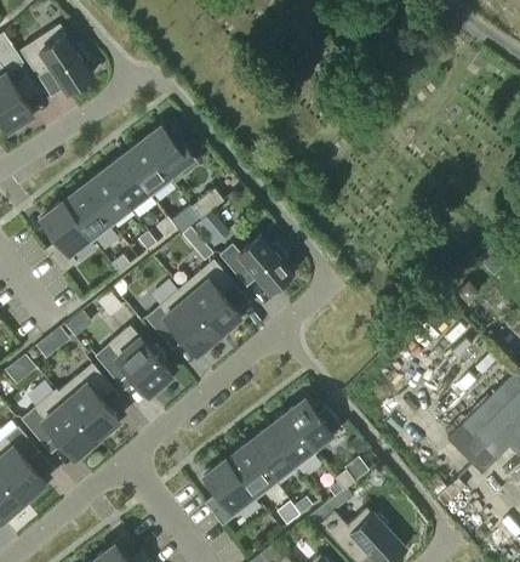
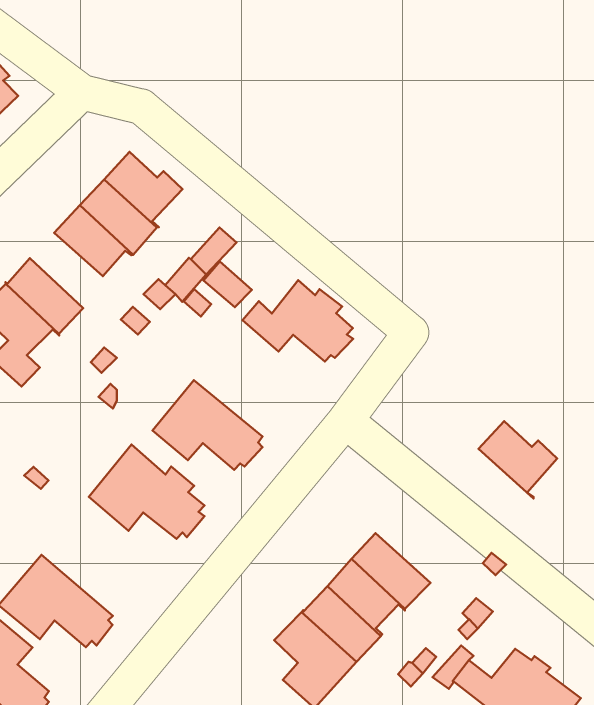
building: [81,174,128,228] -> none
building: [178,261,240,336] -> none
building: [55,365,118,441] -> none
building: [284,399,336,455] -> [479,421,557,498]

